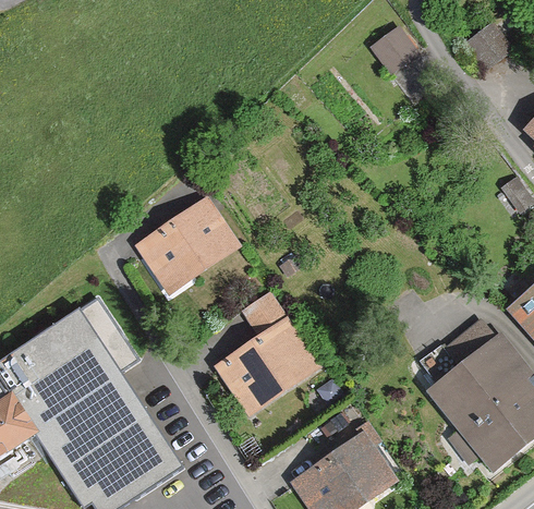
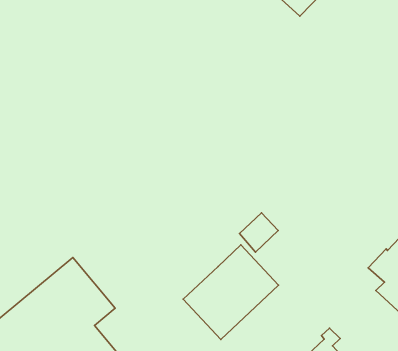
building: [134,195,242,295] -> none
building: [244,293,287,335] -> [239,213,278,252]

